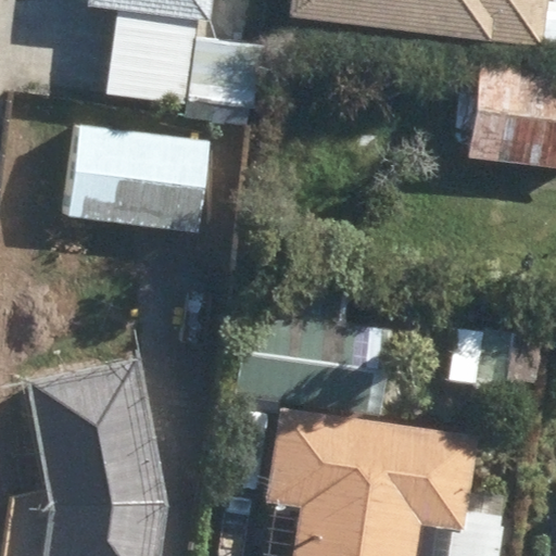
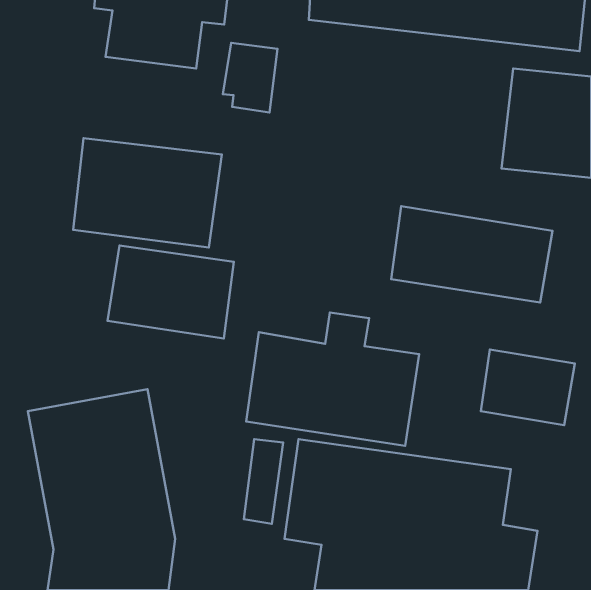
building: none -> [391,206,552,303]
building: none -> [108,246,234,339]

